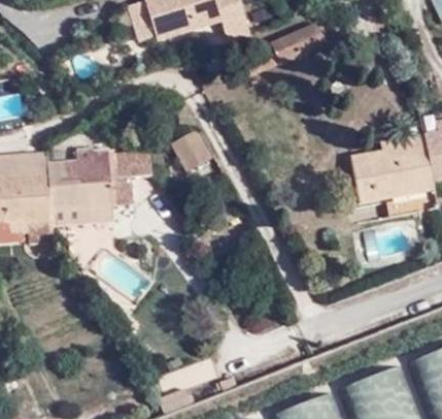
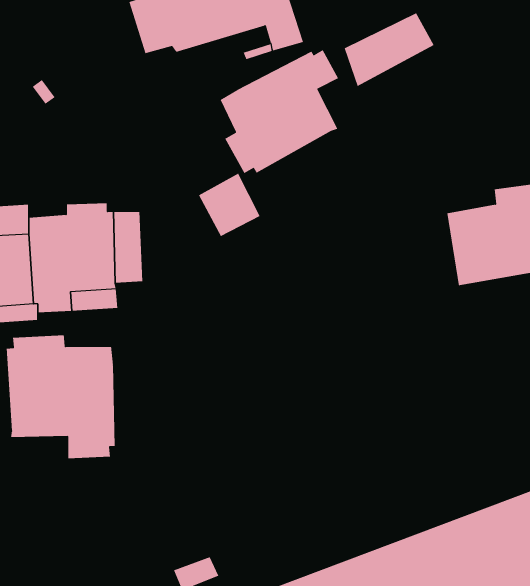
building: none -> [220,49,339,174]
building: none -> [6,335,115,459]

